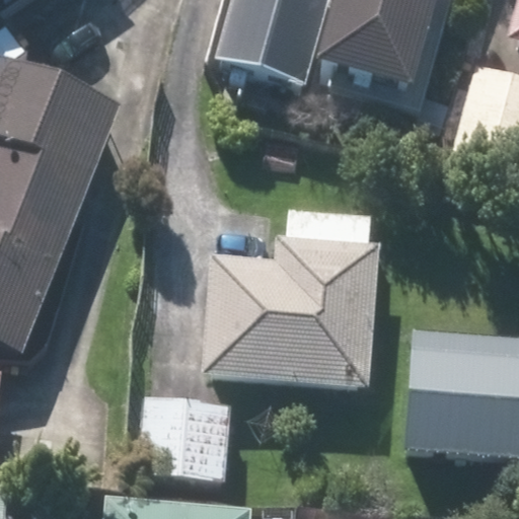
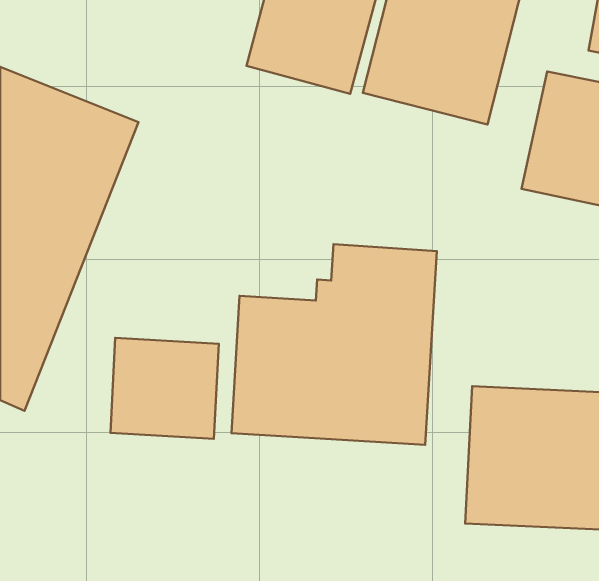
building: [138,397,231,485] -> [111,338,219,439]

